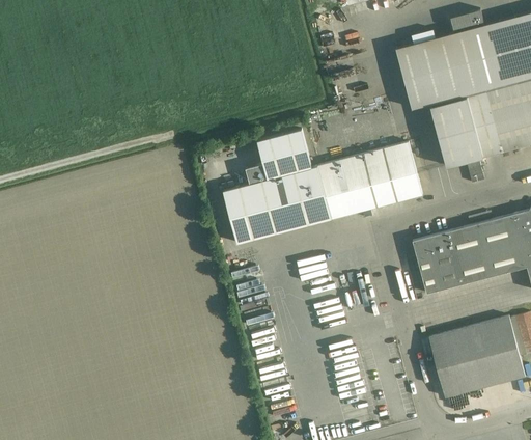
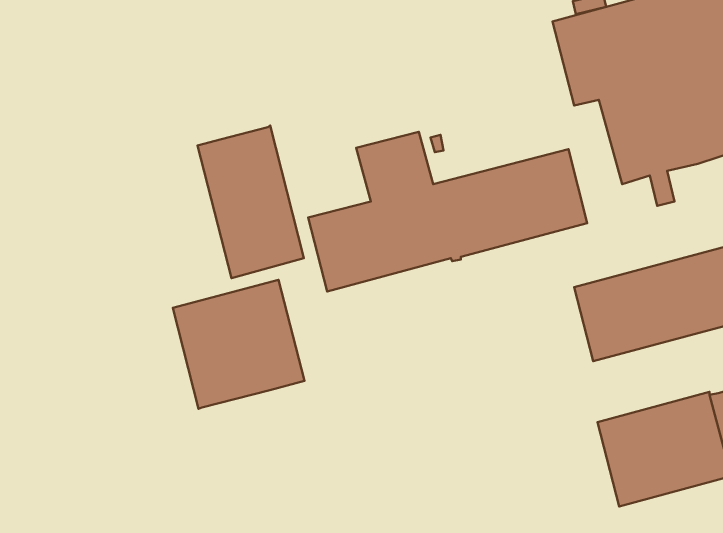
building: none -> [198,126,304,278]
building: none -> [173,280,304,409]

